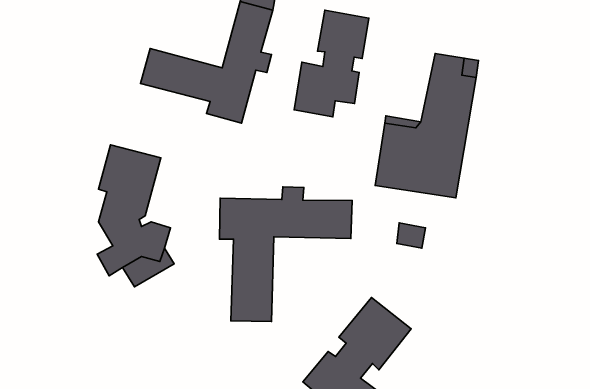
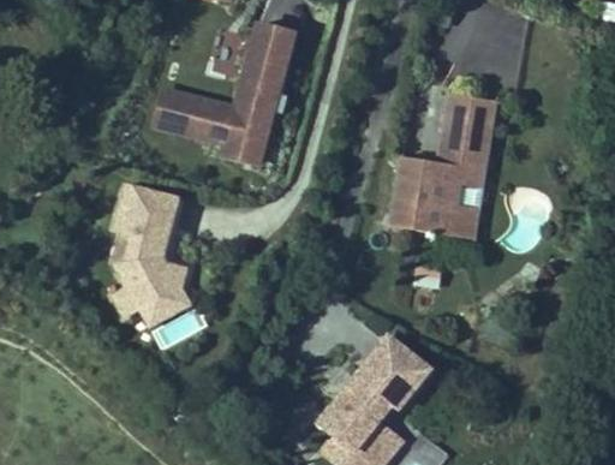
building: [294,10,369,117] -> none
building: [219,187,352,322] -> none

